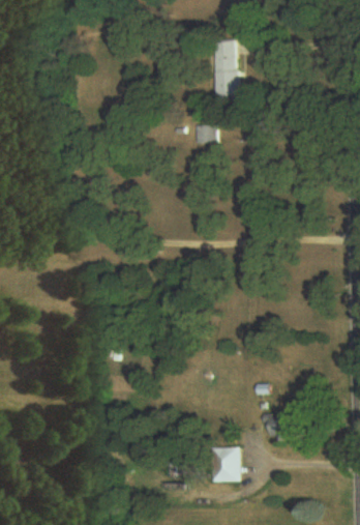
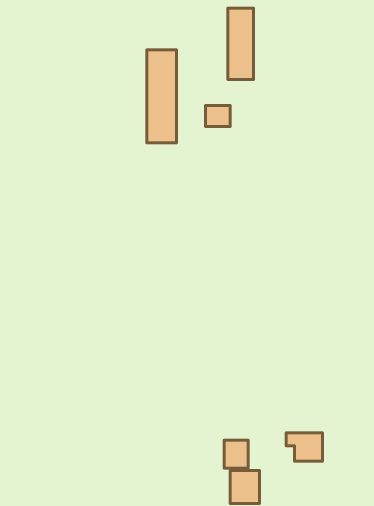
building: none -> [147,50,177,143]
building: none -> [224,440,248,468]

